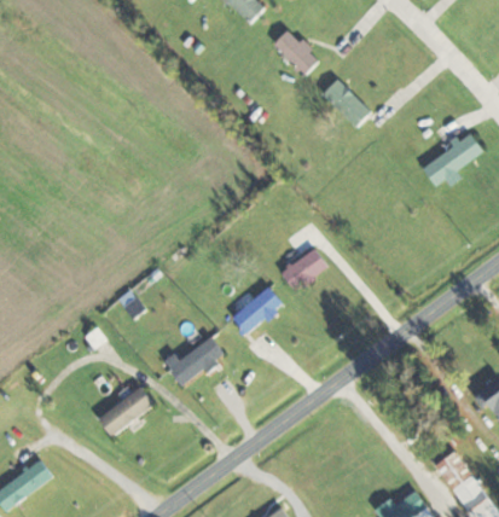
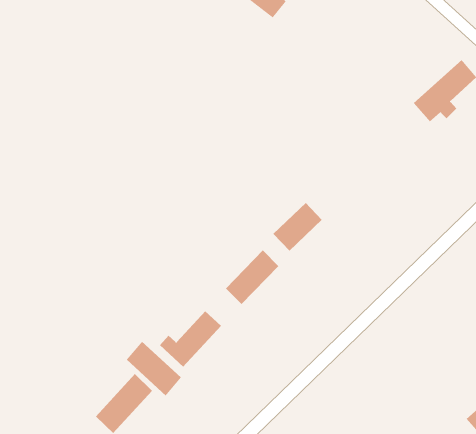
building: [320,77,371,128] -> none
building: none -> [126,341,182,396]

